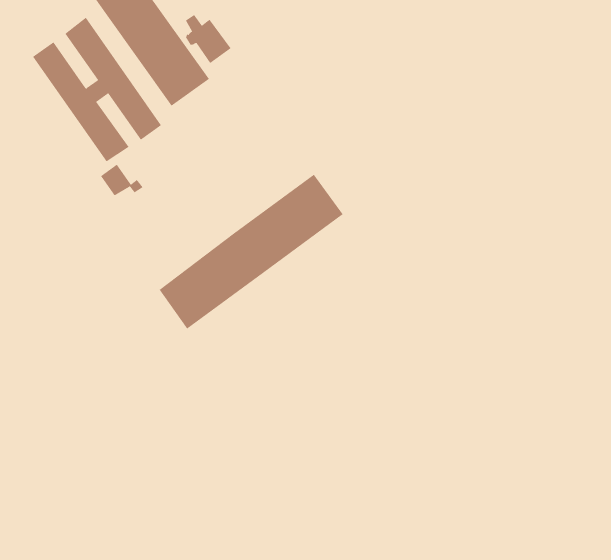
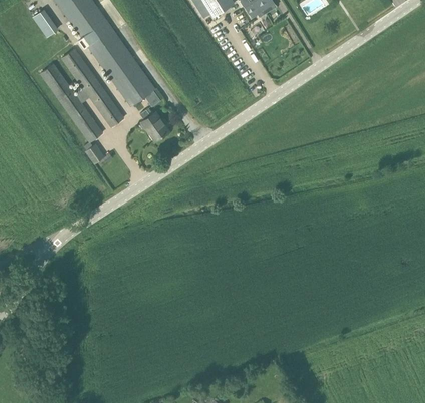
building: [185,14,231,64] -> [140,109,170,141]
building: [159,174,344,330] -> none

